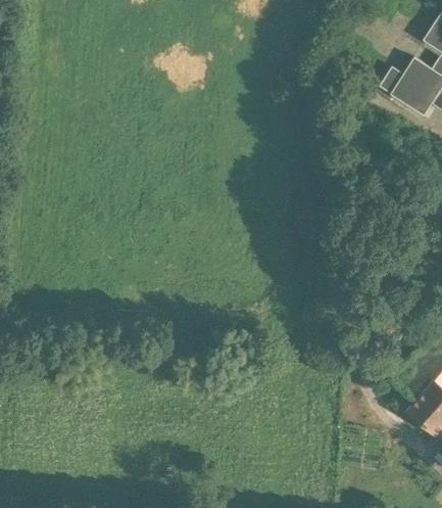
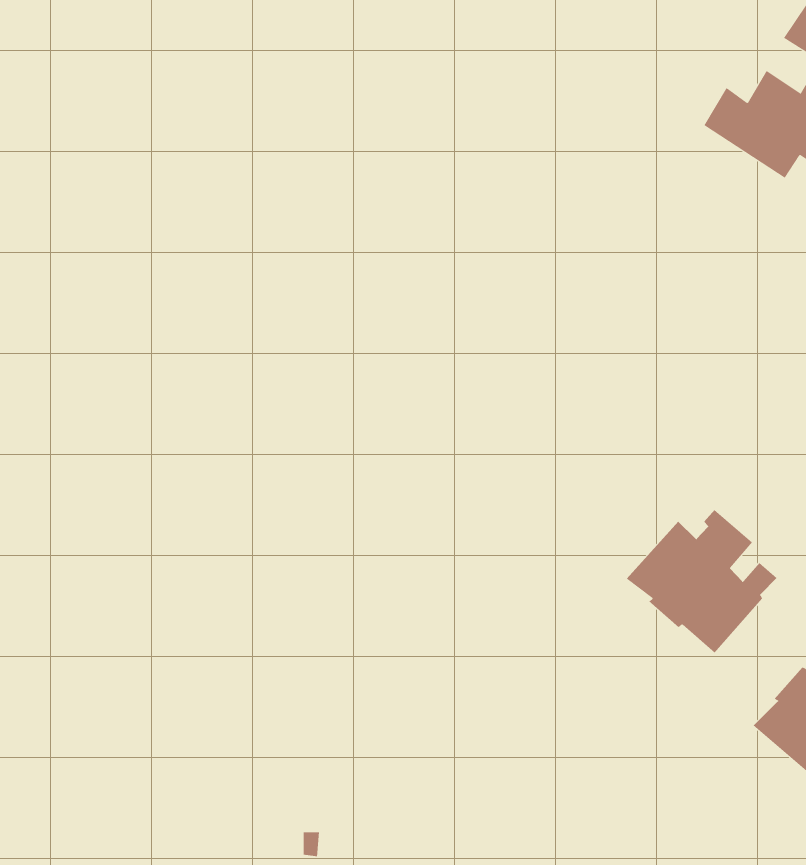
building: none -> [626,509,778,653]

